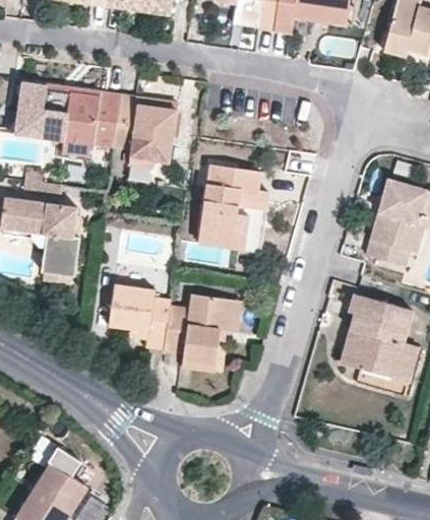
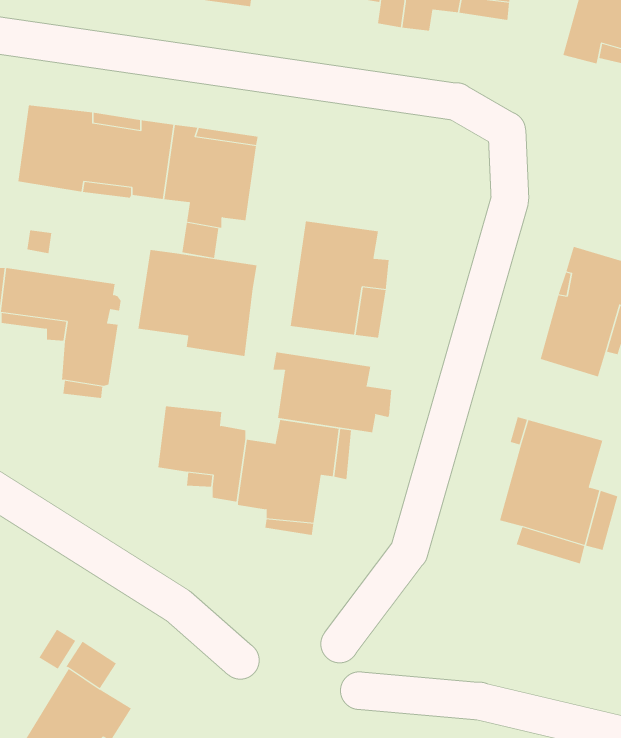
building: none -> [138,249,257,357]
building: none -> [273,351,392,433]

